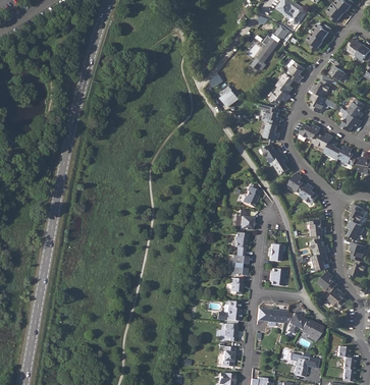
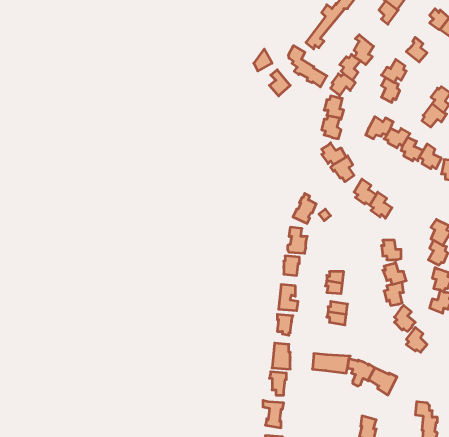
building: none -> [289,46,327,87]

